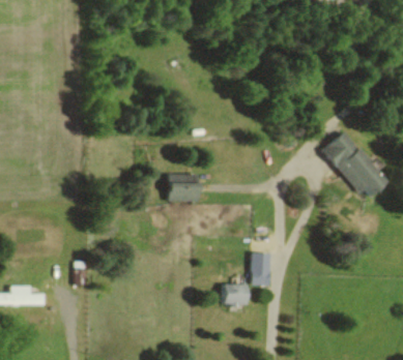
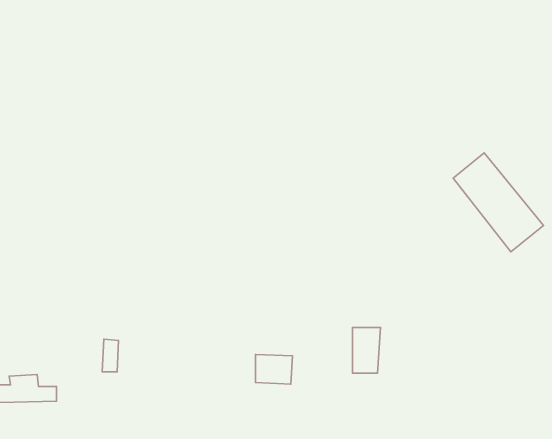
building: [167,174,198,201] -> none
building: [222,283,248,304] -> [255,354,292,384]

